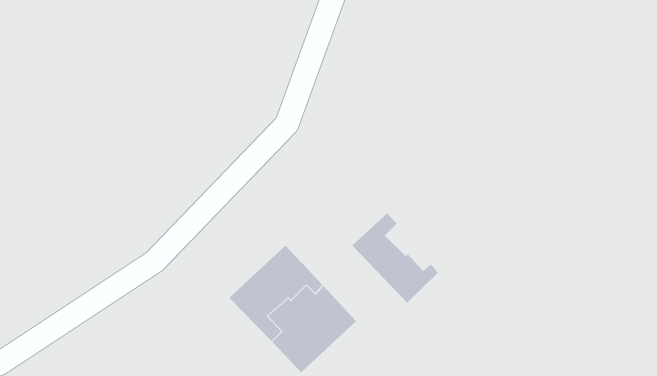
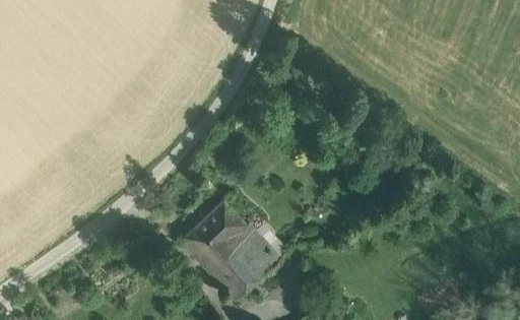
building: [351,212,438,303] -> none

